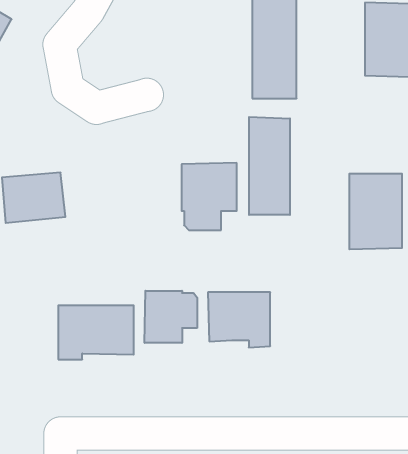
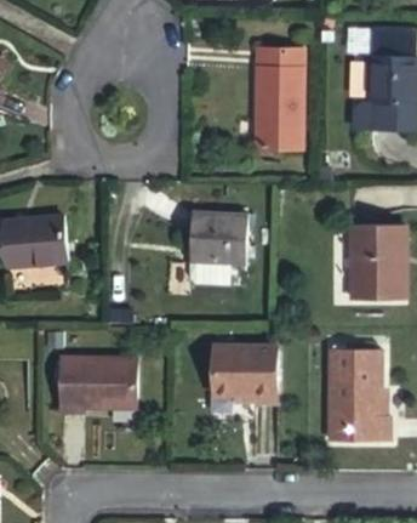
building: [249,117,290,215] -> none
building: [145,291,197,343] -> none
building: none -> [330,349,389,442]

